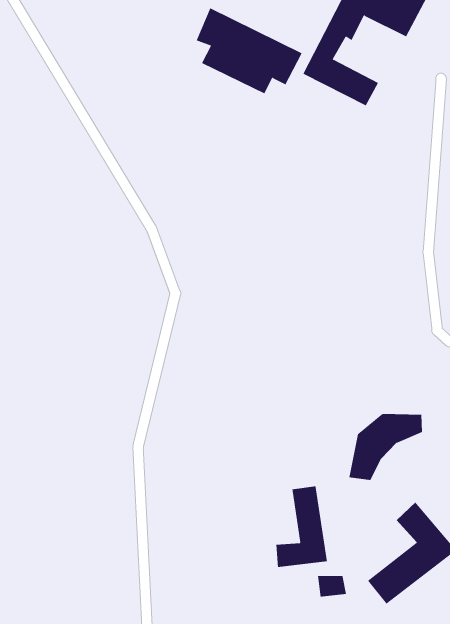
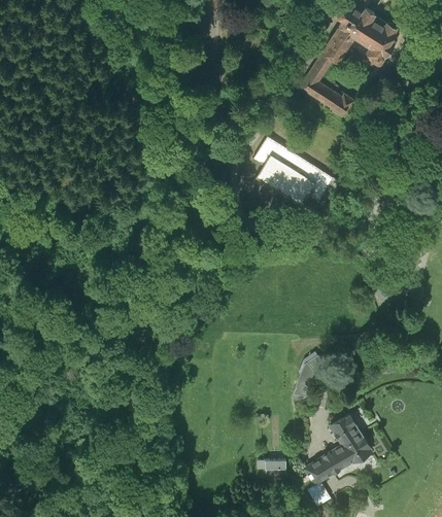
building: [196,8,303,94] -> [253,136,333,206]
building: [276,485,327,568] -> none

